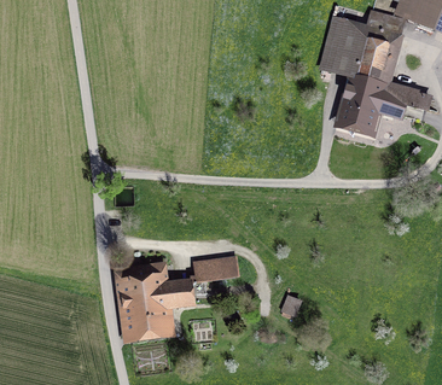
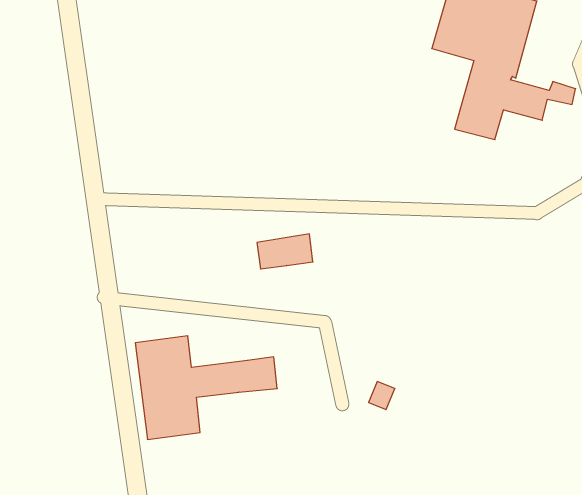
building: [194,257,233,281] -> [257,234,313,269]

